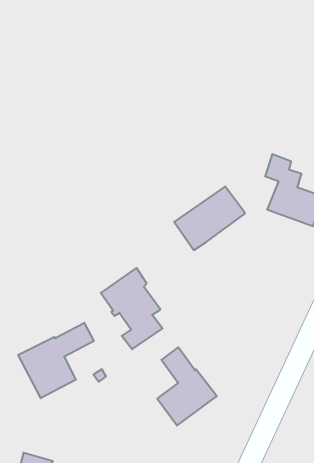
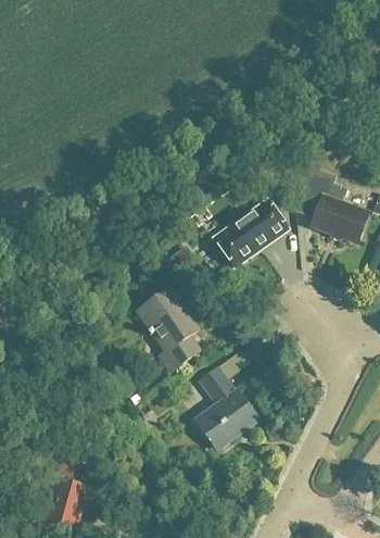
building: [18,323,94,398] -> none

